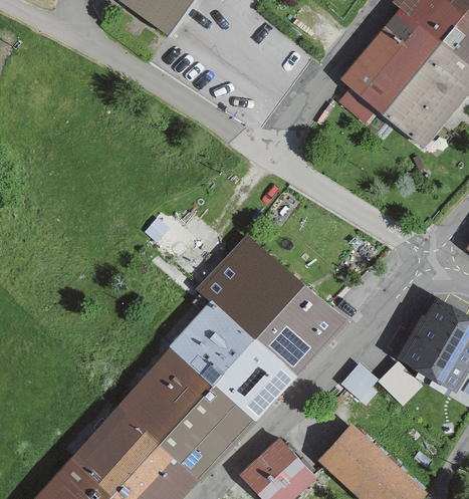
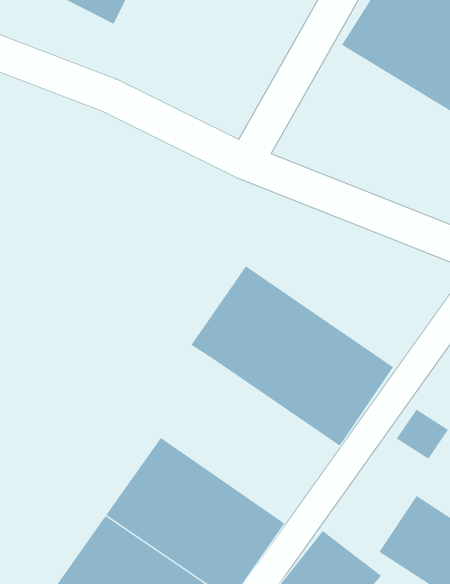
building: [166,300,298,430] -> none

